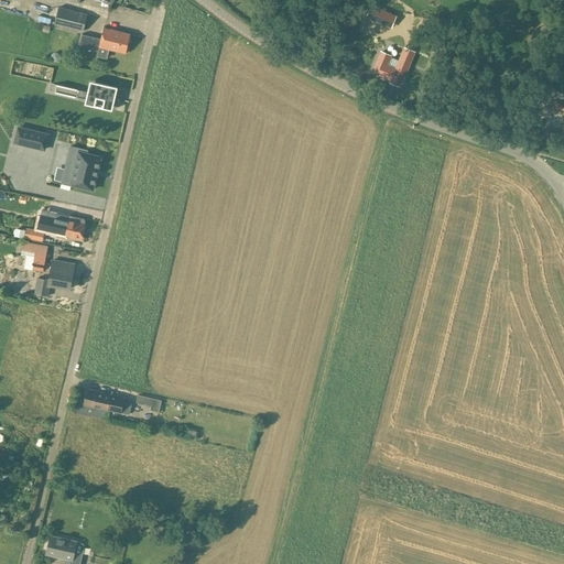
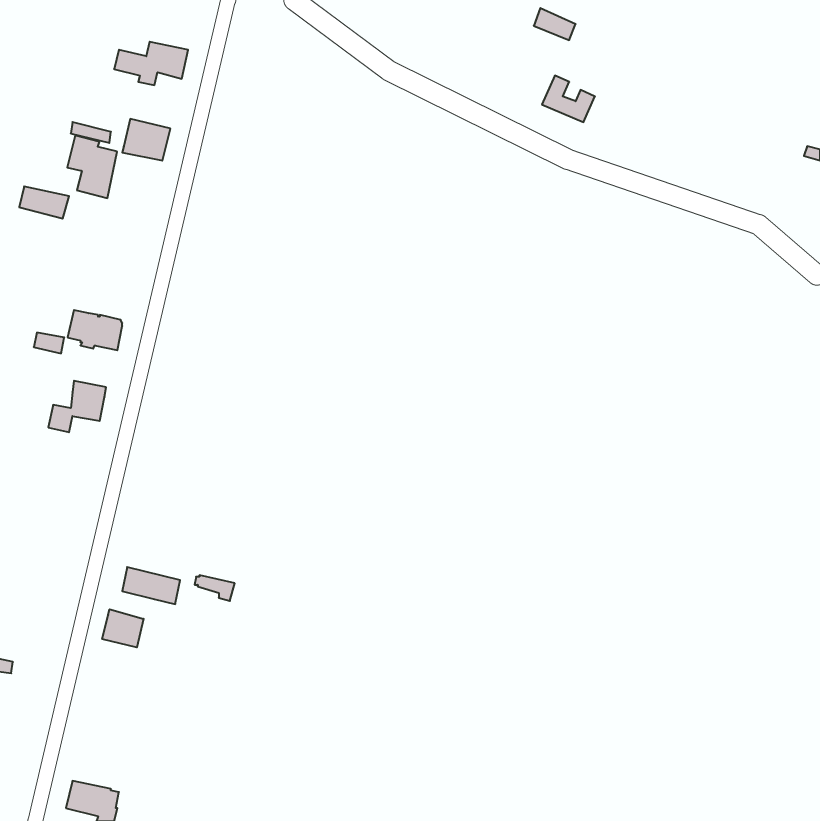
building: [53,8,87,32] -> none
building: [64,147,98,189] -> [67,135,117,198]
building: [20,241,46,272] -> none
building: none -> [102,609,144,647]

